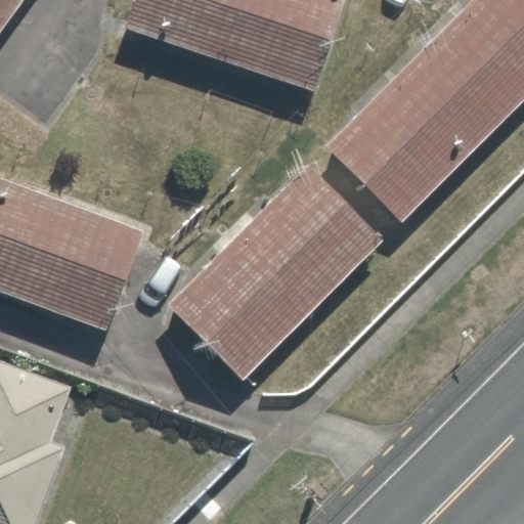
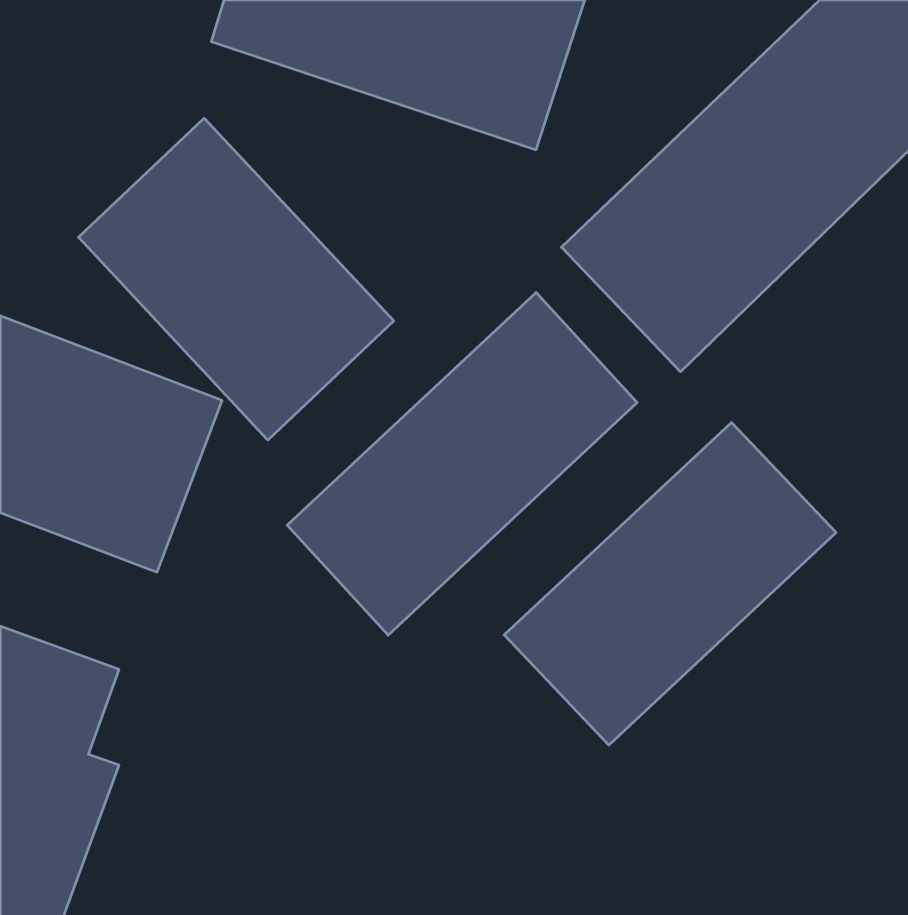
building: none -> [78,118,394,440]
building: none -> [504,423,836,745]

